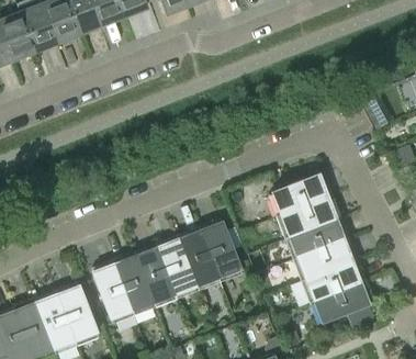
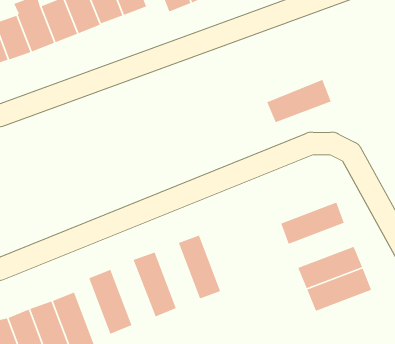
building: [267,173,330,216] -> [266,79,332,123]
building: [283,216,347,259] -> none
building: [198,218,241,282] -> none
building: [155,235,198,299] -> none
building: [112,251,155,315] -> none
building: [310,281,373,325] -> none

